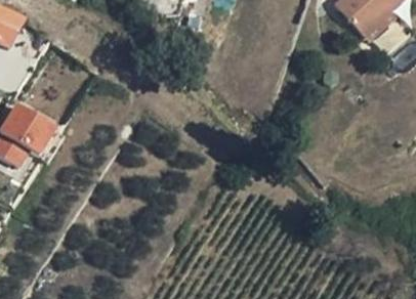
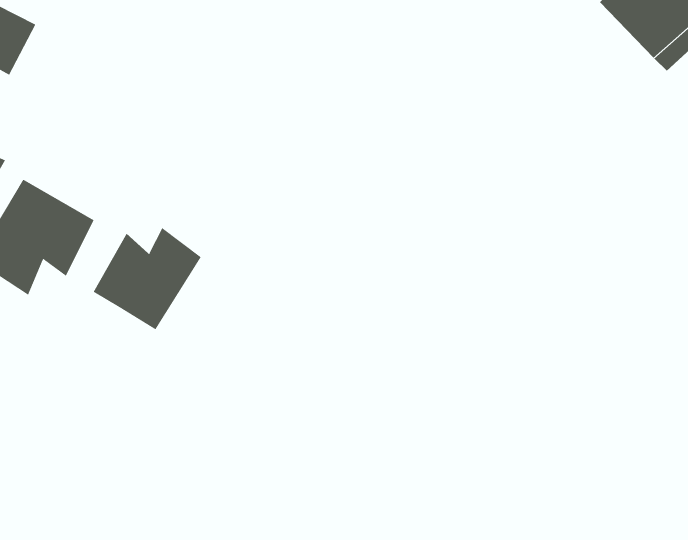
building: none -> [93,227,201,330]

